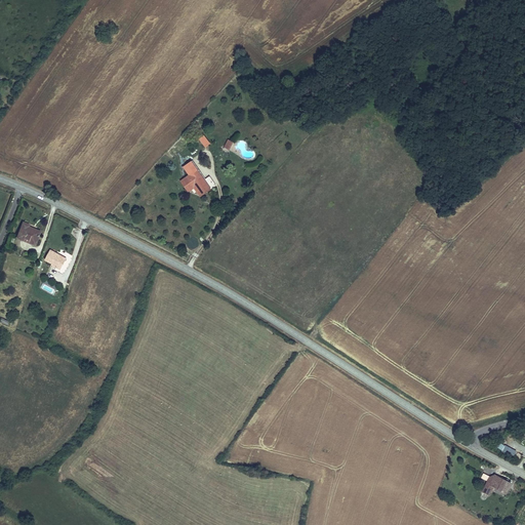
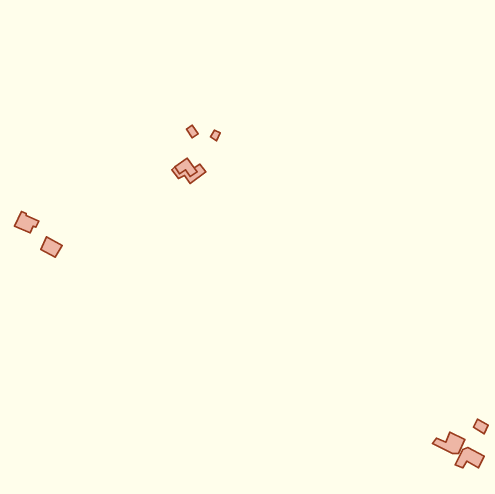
building: none -> [433,432,465,454]

